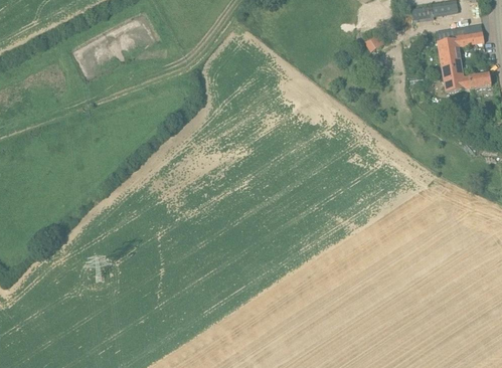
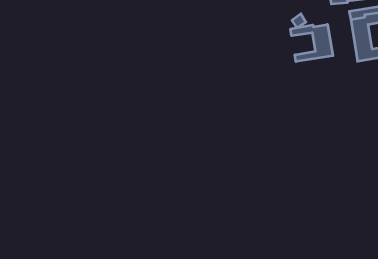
building: none -> [291,24,333,62]

